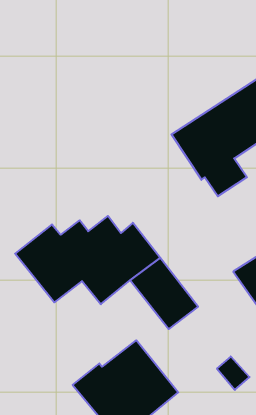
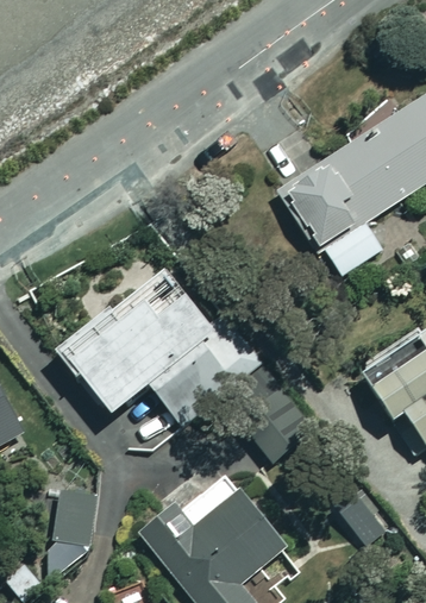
building: none -> [52,489,98,544]

